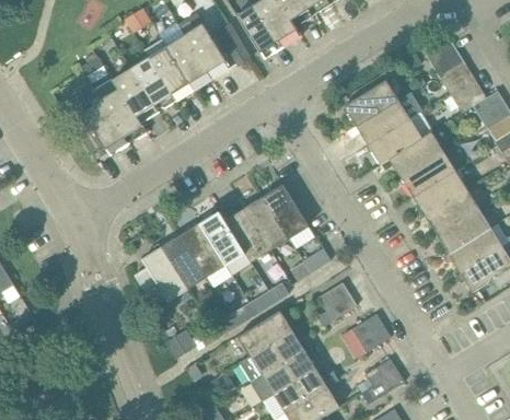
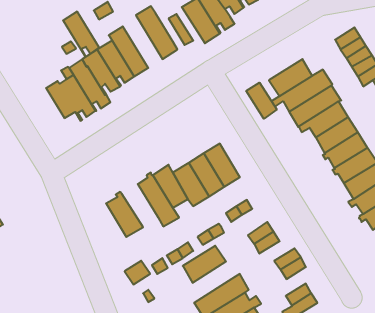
building: [166,34,211,90] -> [63,12,99,56]
building: none -> [246,83,277,119]
building: [161,232,206,288] -> none
building: [239,327,308,382] -> none

